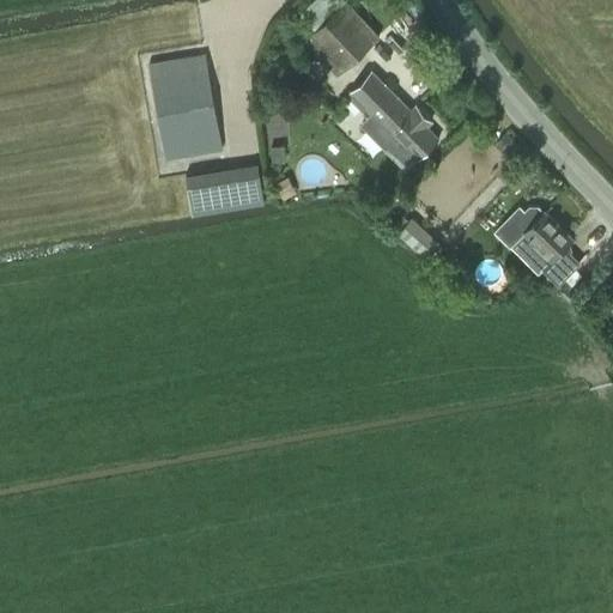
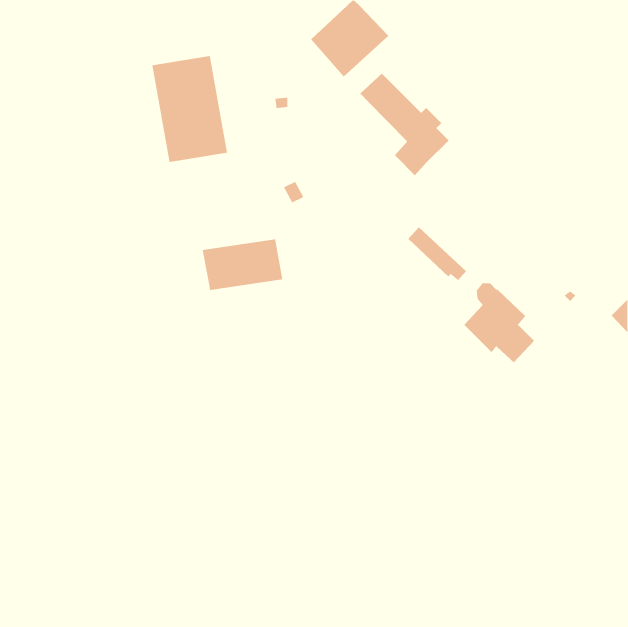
building: [184,165,263,216] -> [202,239,283,291]
building: [510,207,579,285] -> [463,283,535,363]

